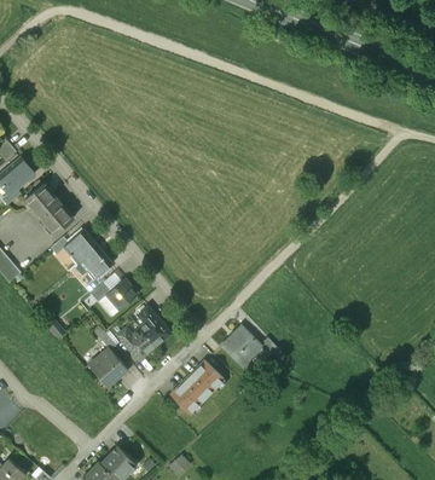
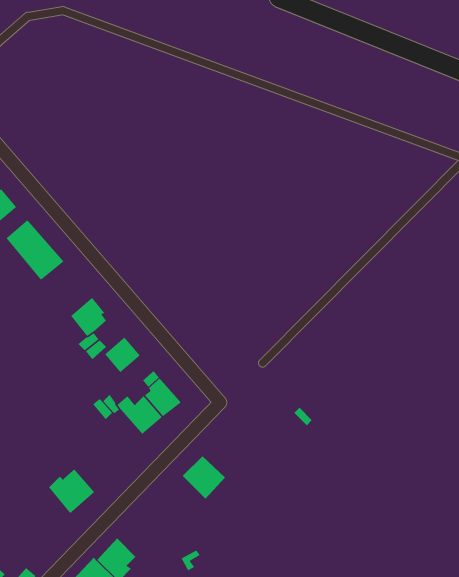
building: [63,232,97,265] -> none
building: [221,325,261,368] -> none
building: [88,351,127,388] -> [48,469,95,514]
building: [187,362,224,397] -> none

